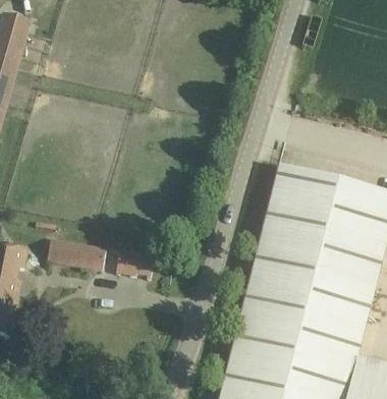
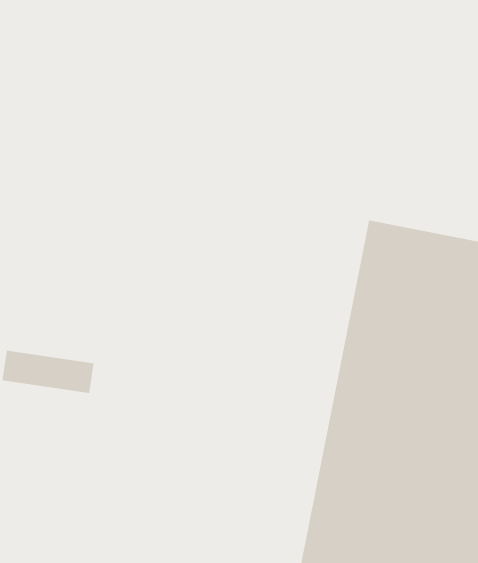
building: [114,246,153,277] -> none

